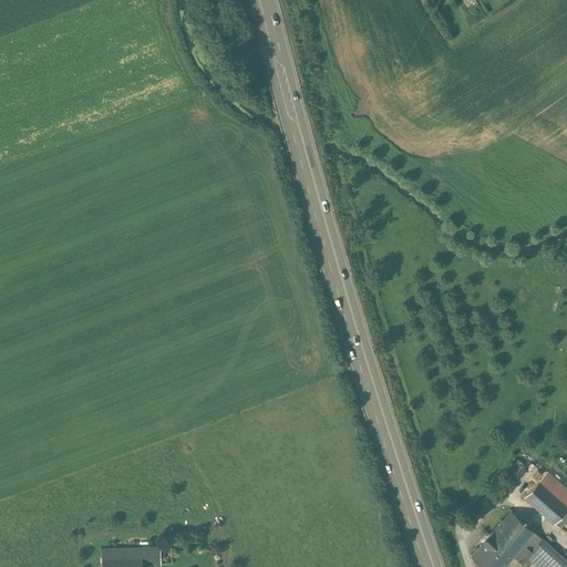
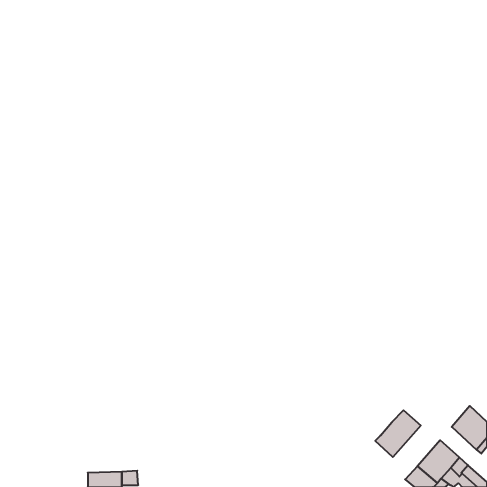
building: none -> [375,410,421,457]

